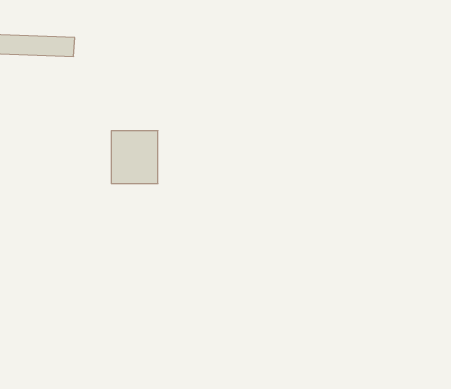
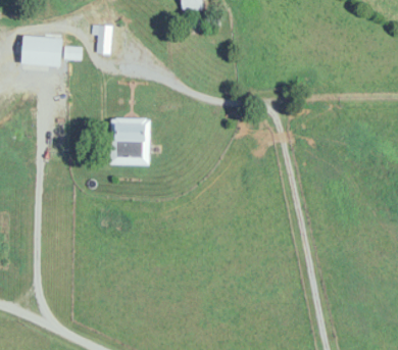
building: none -> [92,24,111,53]

